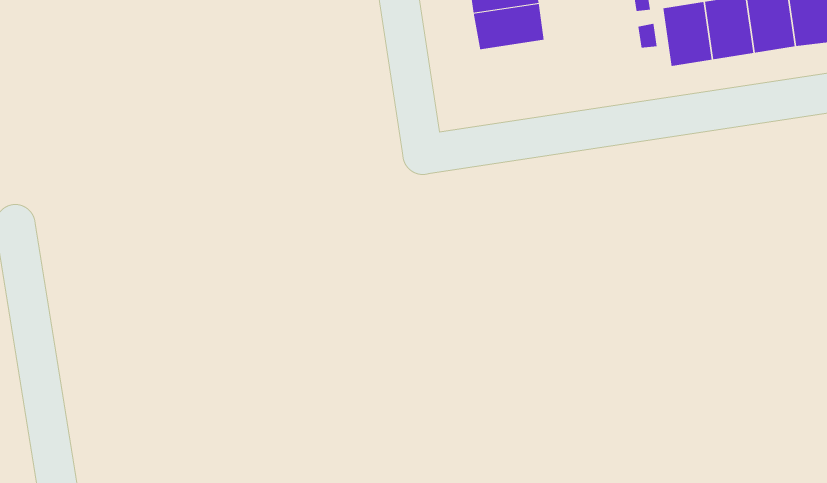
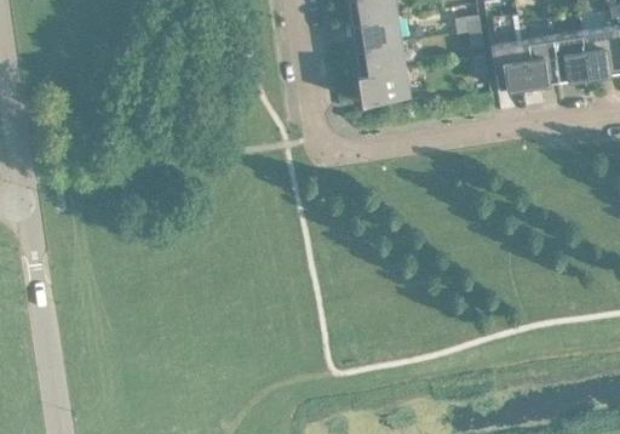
building: none -> [358,69,409,103]

